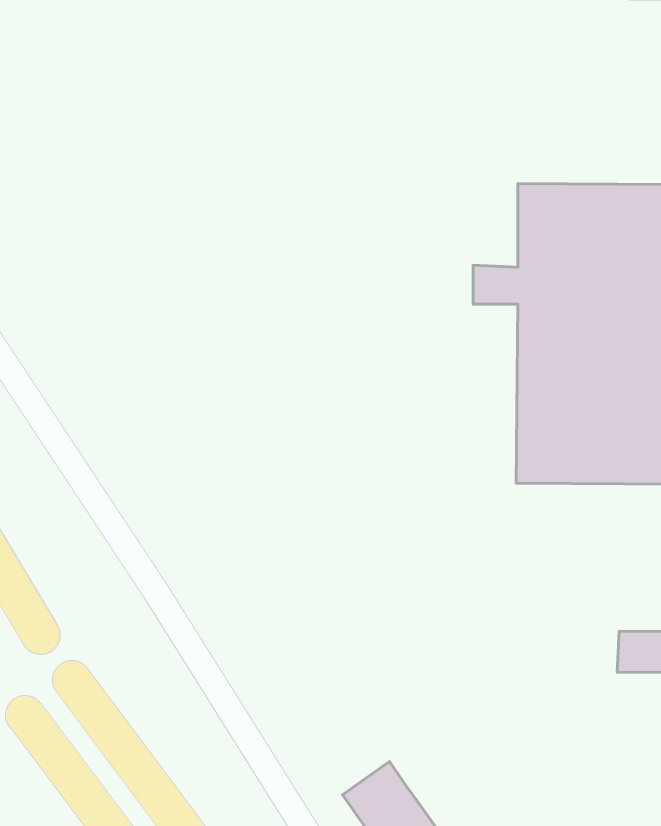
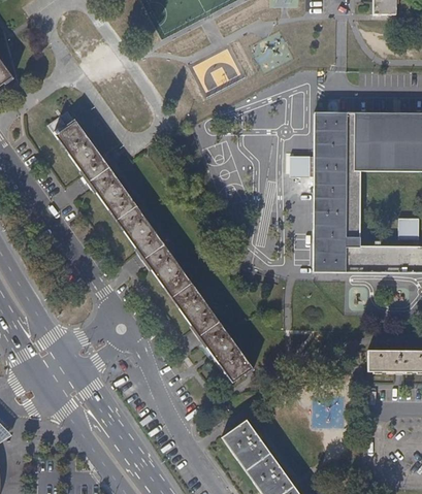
building: none -> [48,110,253,383]

